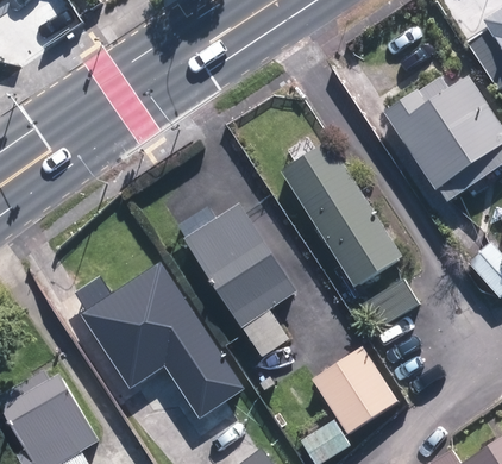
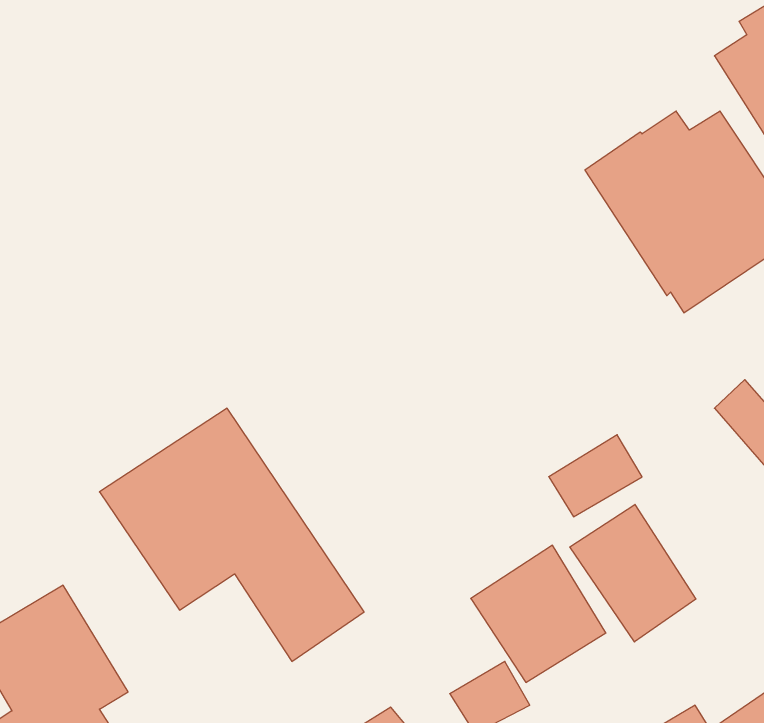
building: [278,134,399,288] -> none
building: [181,202,295,357] -> none
building: none -> [570,504,696,642]

